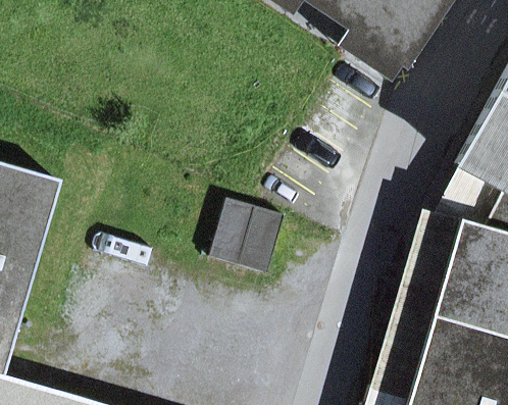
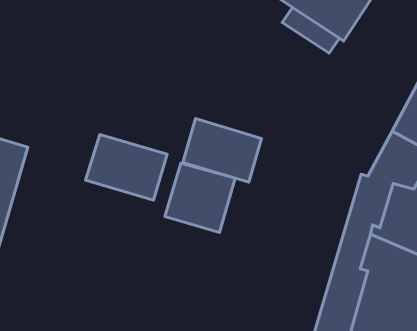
building: none -> [183,118,261,182]
building: none -> [85,135,167,200]

